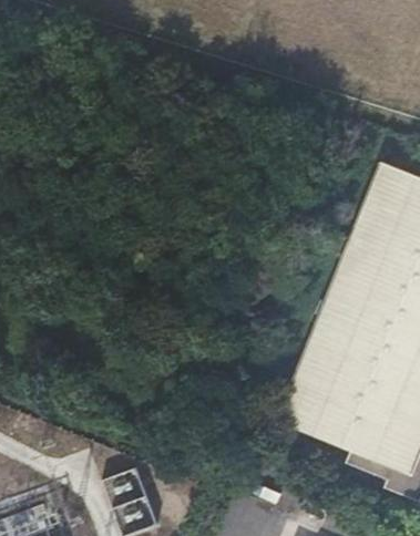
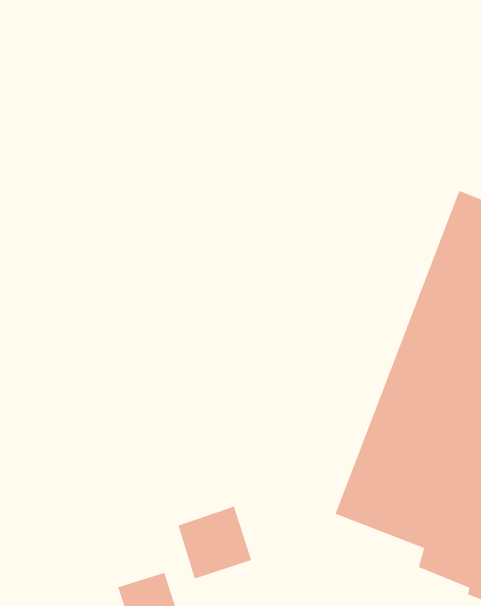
building: none -> [177,506,252,579]

